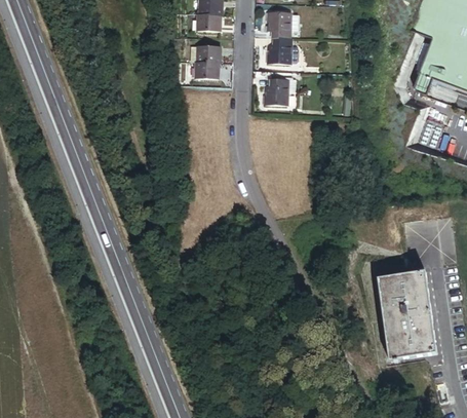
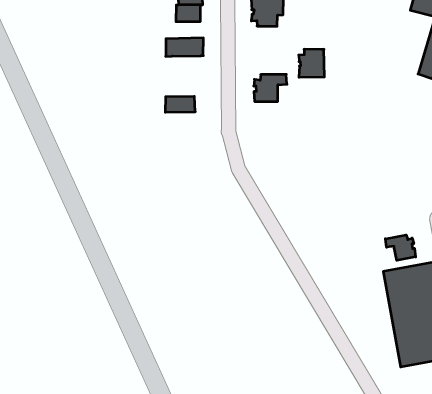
building: [268,38,293,65] -> [299,49,324,77]
building: [191,62,219,77] -> [165,96,195,112]
building: none -> [385,235,416,260]

